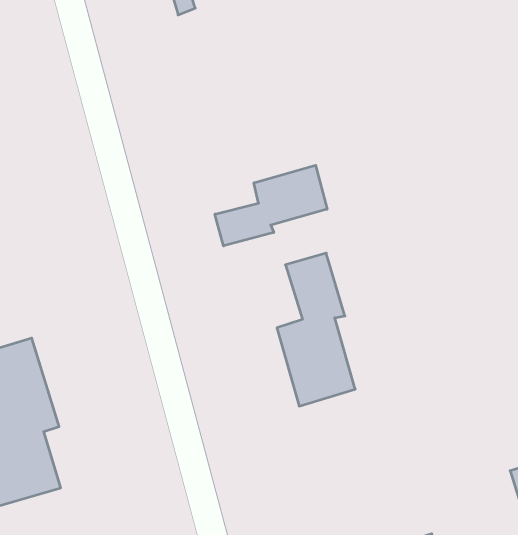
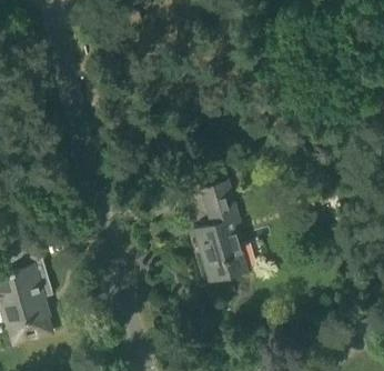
building: [215,165,327,246] -> none

